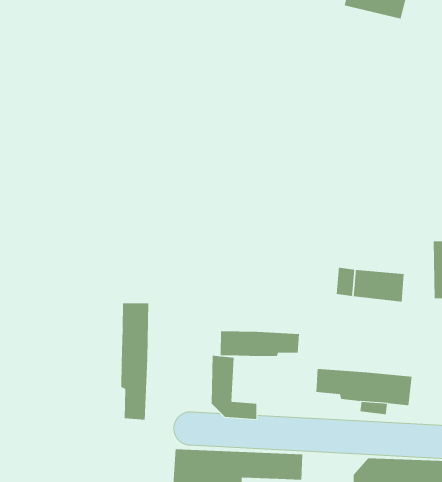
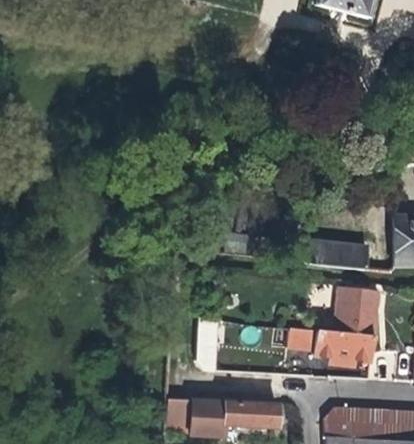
building: [121,303,149,421] -> none
building: none -> [337,285,381,336]
building: [220,331,299,357] -> none

